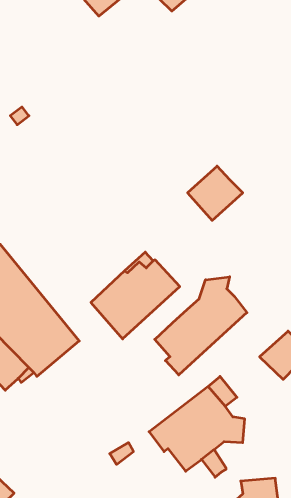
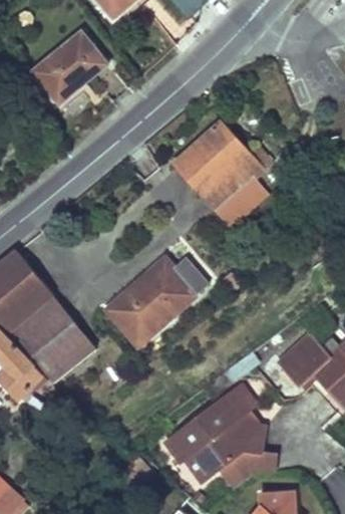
building: none -> [33,32,106,103]
building: none -> [172,121,273,198]
building: [155,277,247,375] -> none
building: none -> [232,451,273,478]

